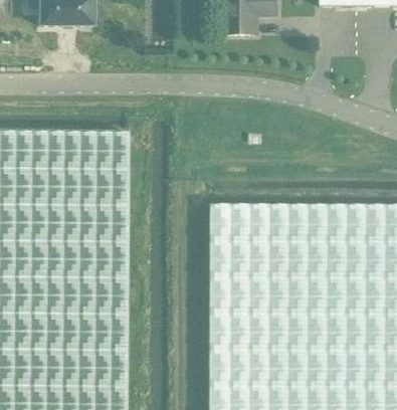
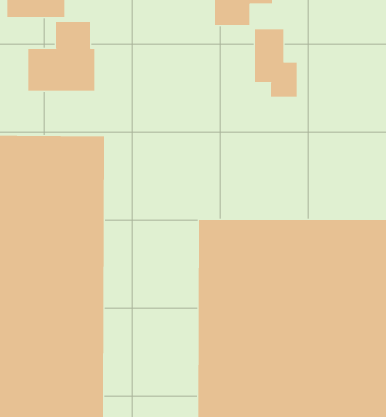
building: none -> [28,21,95,92]
building: none -> [254,29,297,97]

